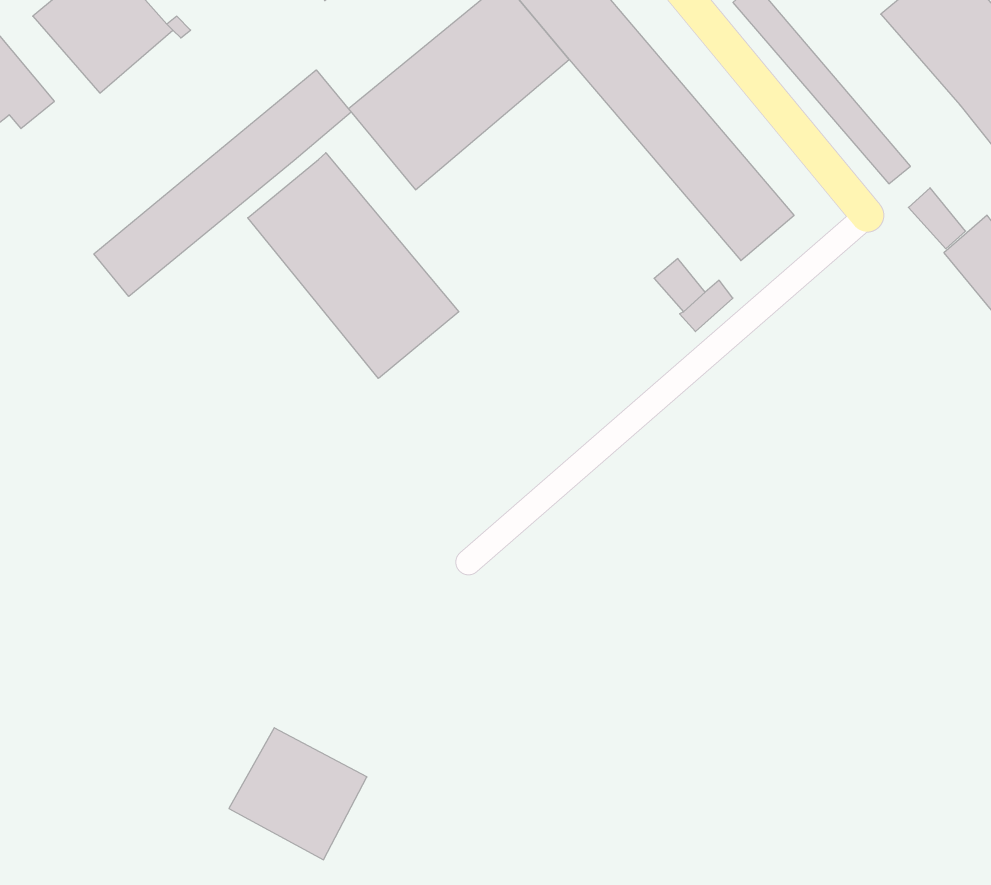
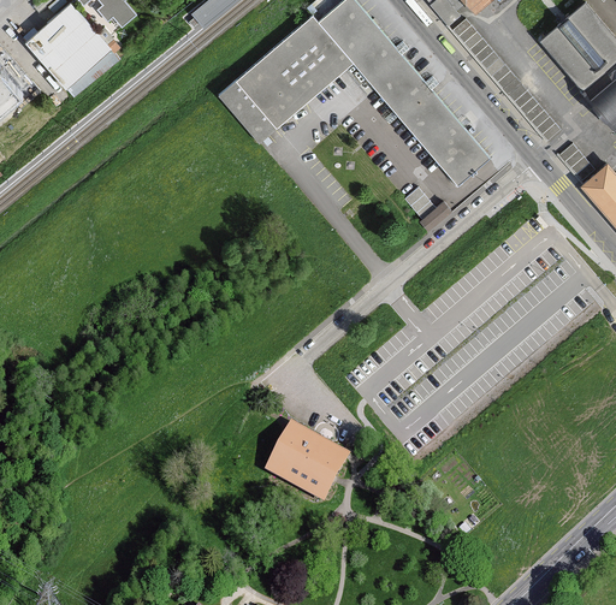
building: [94,70,351,296] -> none
building: [248,153,459,378] -> none
building: [229,728,367,860] -> [266,422,350,503]

